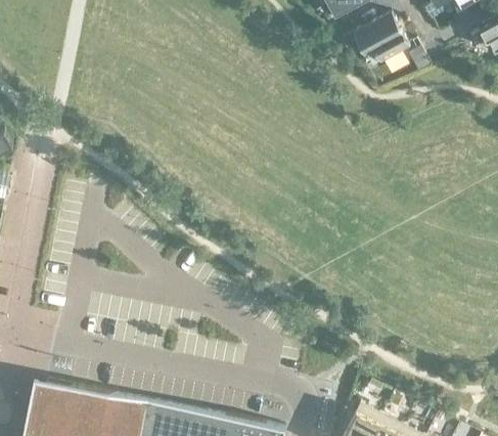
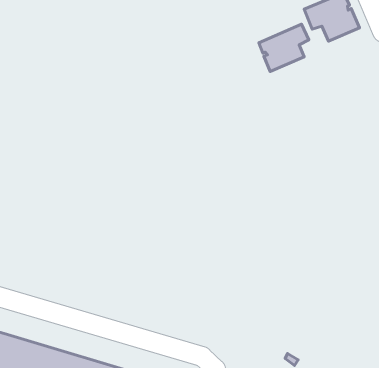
building: none -> [259,24,309,71]

